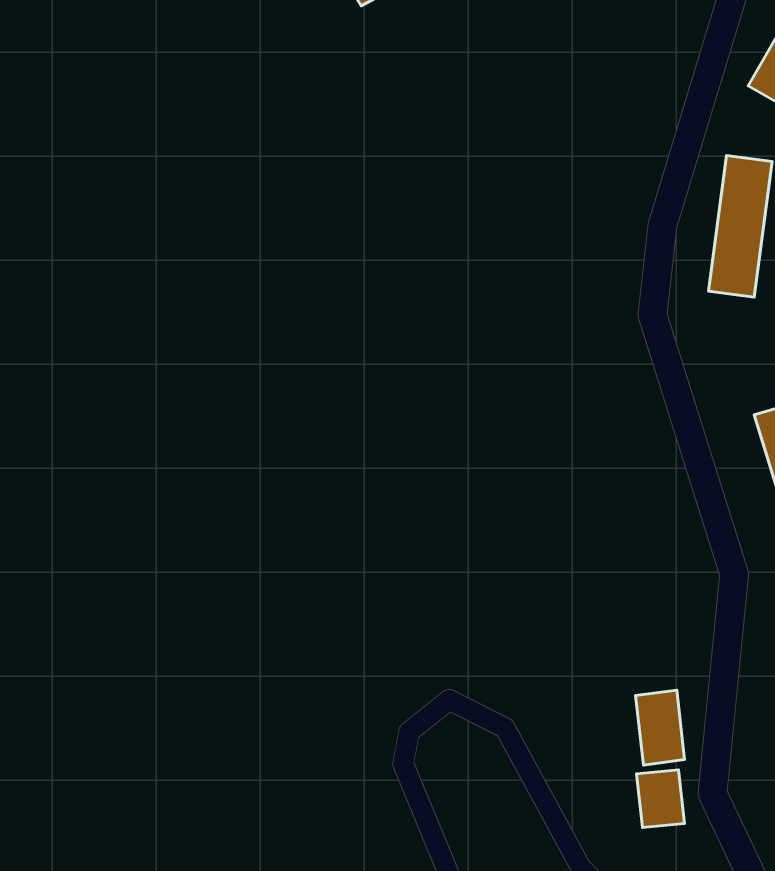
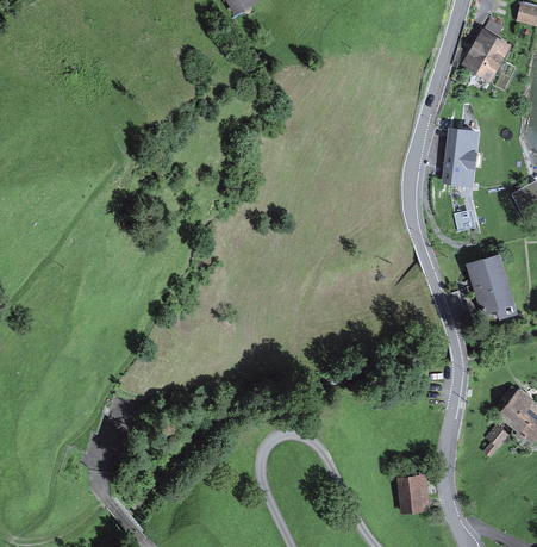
building: [636,690,685,765] -> none

